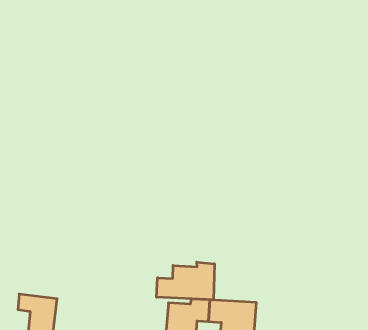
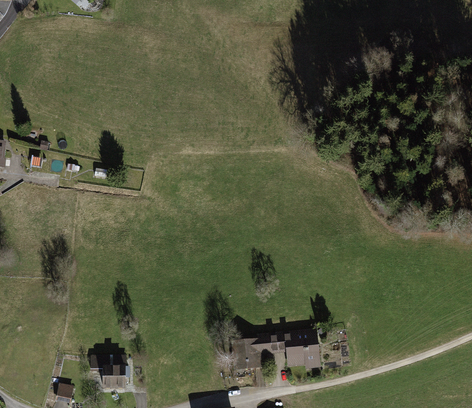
building: [157,262,214,300] -> none

